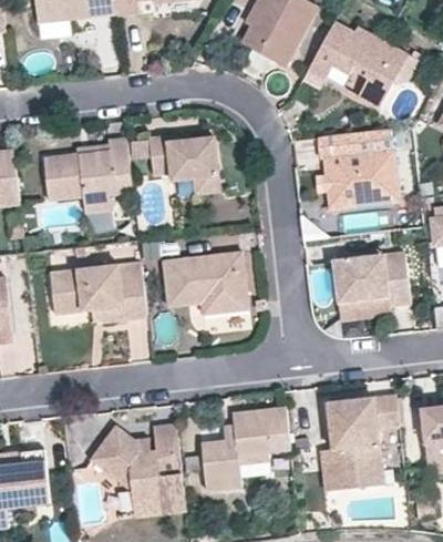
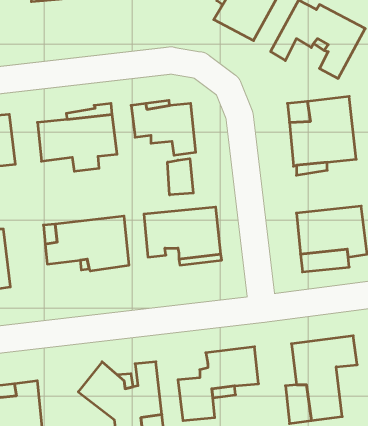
building: none -> [168,159,193,195]

